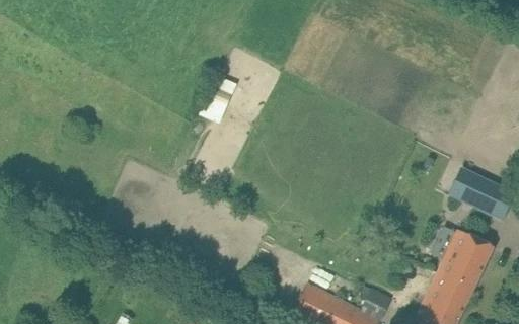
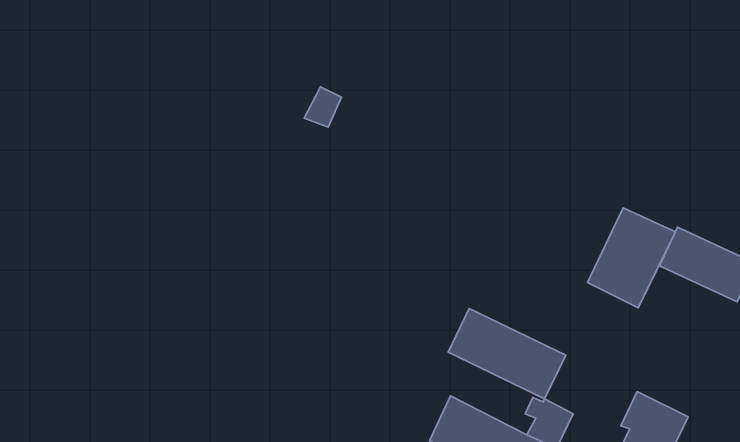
building: none -> [448,309,566,399]
building: [434,230,494,298] -> [587,208,675,308]

